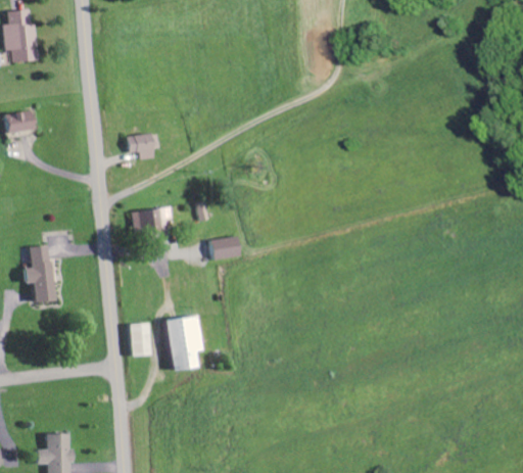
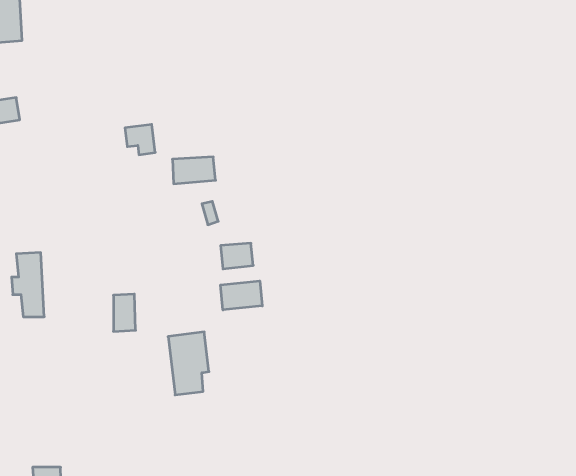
building: [132,208,170,232] -> [172,157,216,184]
building: none -> [221,281,262,310]
building: [130,323,149,356] -> [113,294,136,331]

